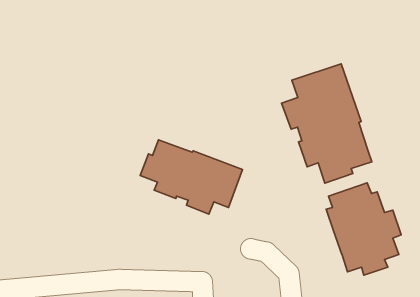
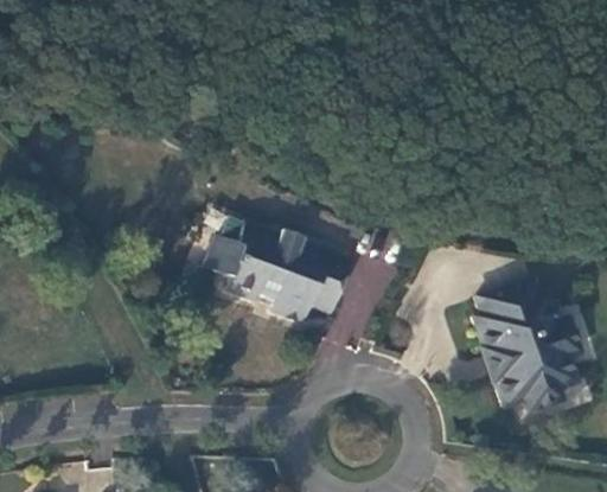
building: [282,64,372,183] -> none

